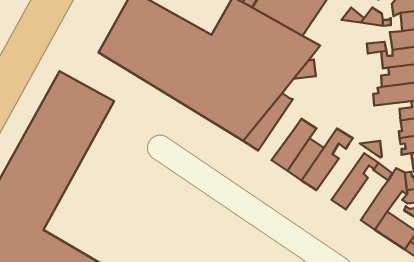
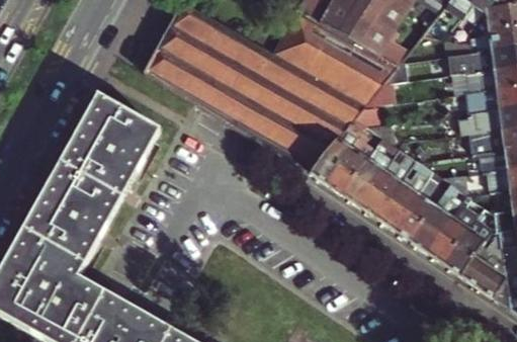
building: none -> [328,124,384,194]
building: none -> [395,175,449,240]
building: none -> [428,215,470,263]

